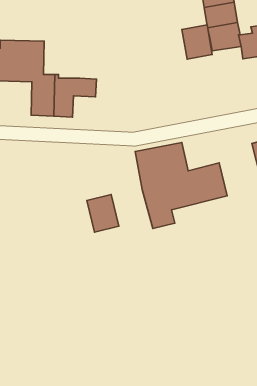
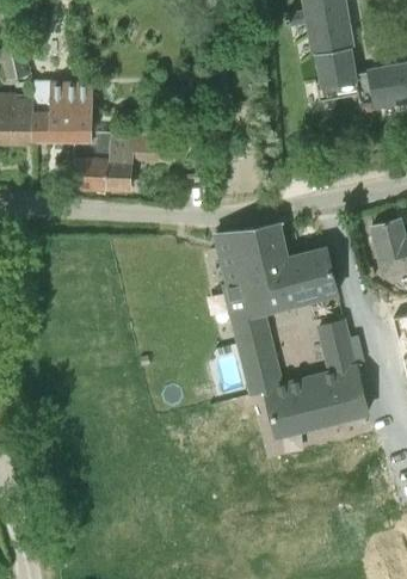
building: [182,25,212,59] -> none
building: [87,194,119,232] -> none
building: none -> [235,318,370,438]

